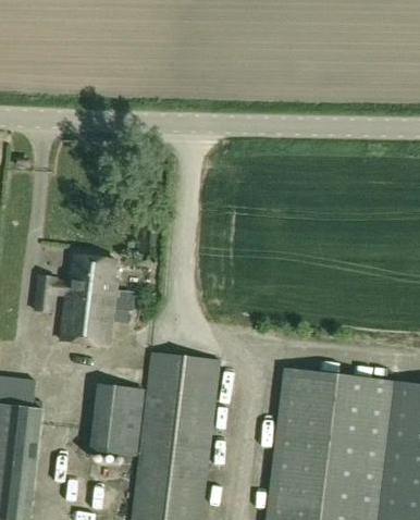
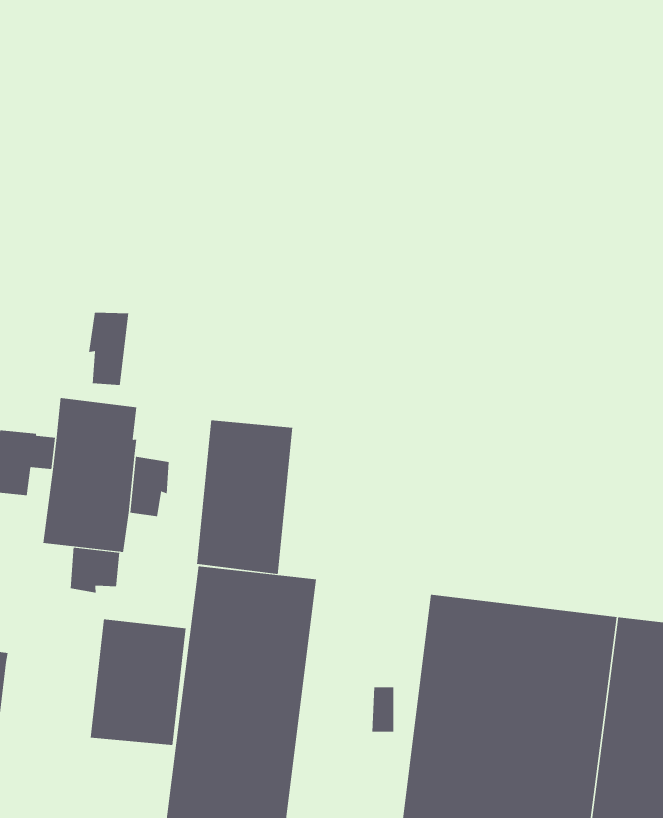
building: none -> [89,312,129,386]
building: none -> [196,419,293,575]
building: none -> [70,547,120,594]

